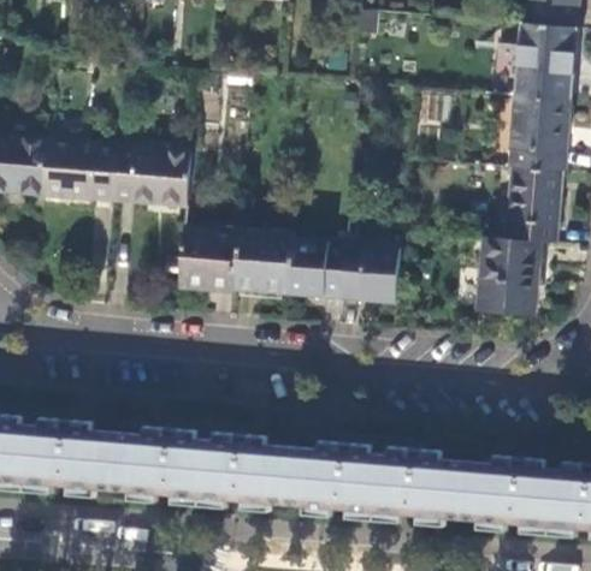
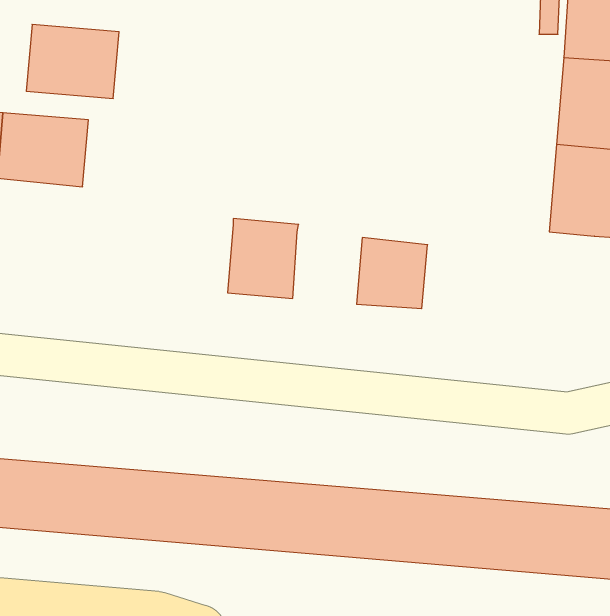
building: [114,147,191,208] -> [26,24,119,98]
building: [181,227,240,293] -> none
building: [480,238,539,314] -> none
building: [289,239,347,299] -> none

